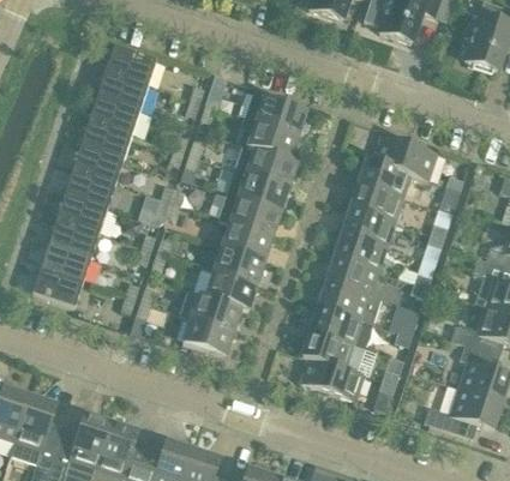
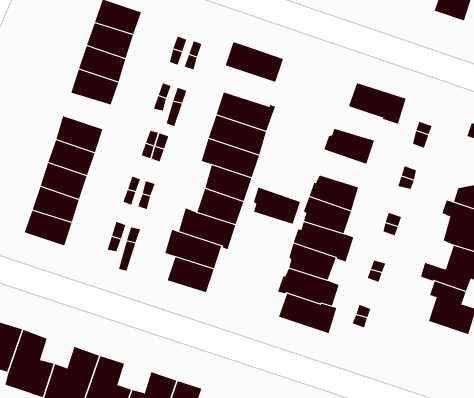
building: [235,118,298,161] -> none
building: [72,146,124,185] -> none
building: [359,156,410,197] -> none
building: [343,206,394,246] -> [253,187,301,224]
building: [424,387,502,438] -> none

